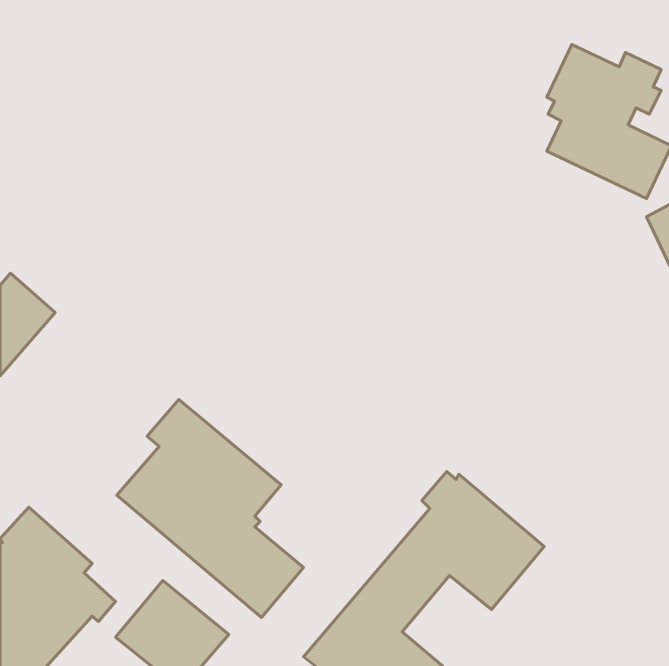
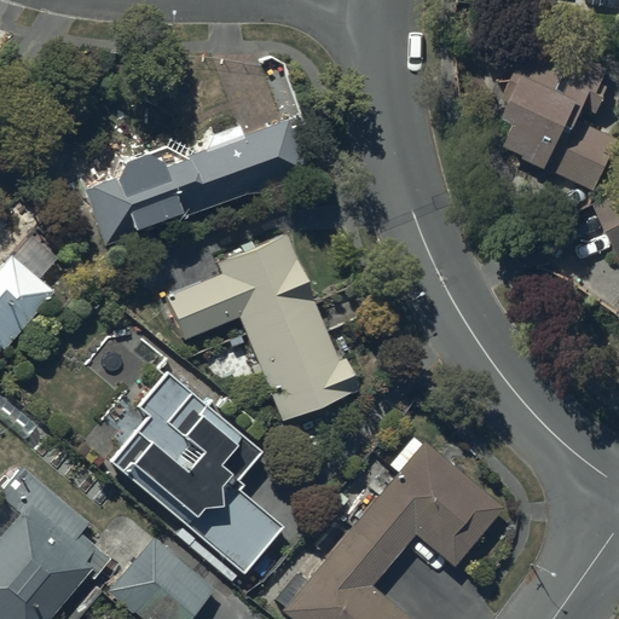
building: none -> [83,120,307,245]
building: none -> [167,235,358,423]

